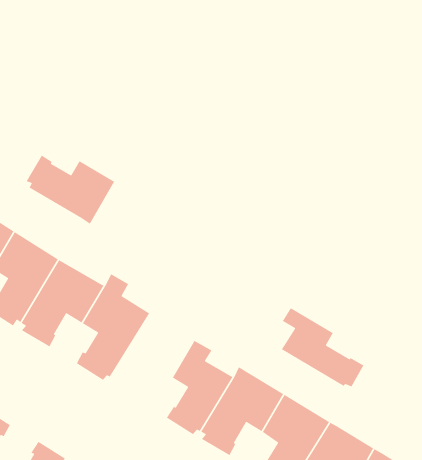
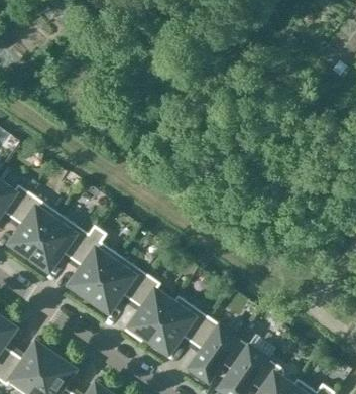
building: [25,154,115,225] -> none
building: [281,307,364,388] -> none
building: none -> [89,255,148,315]

